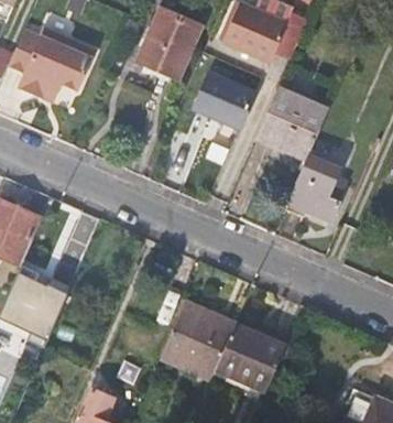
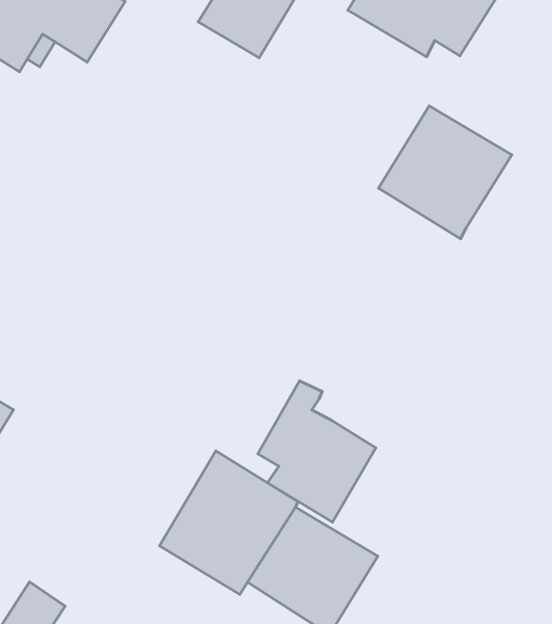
building: [192,70,255,128] -> none
building: [288,152,346,221] -> none
building: none -> [258,381,376,522]

